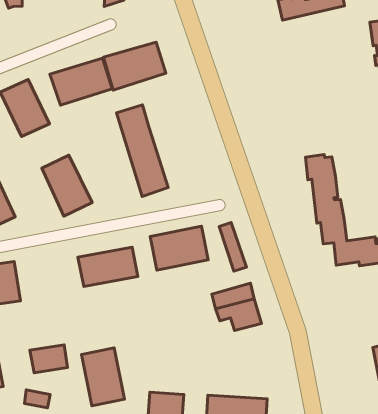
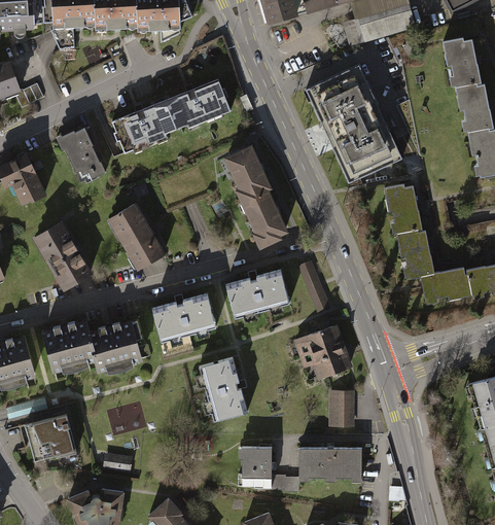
building: none -> [307,65,402,183]
building: [117,105,168,196] -> [224,144,284,241]
building: none -> [87,319,140,369]
building: none -> [330,390,354,424]
building: [82,348,124,406] -> [201,357,249,420]

